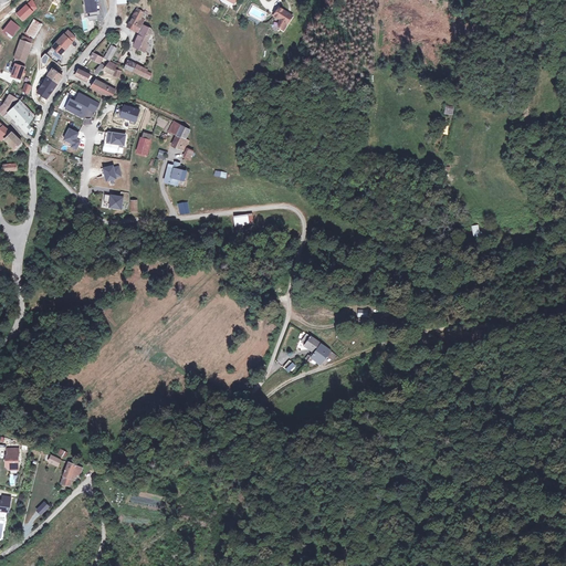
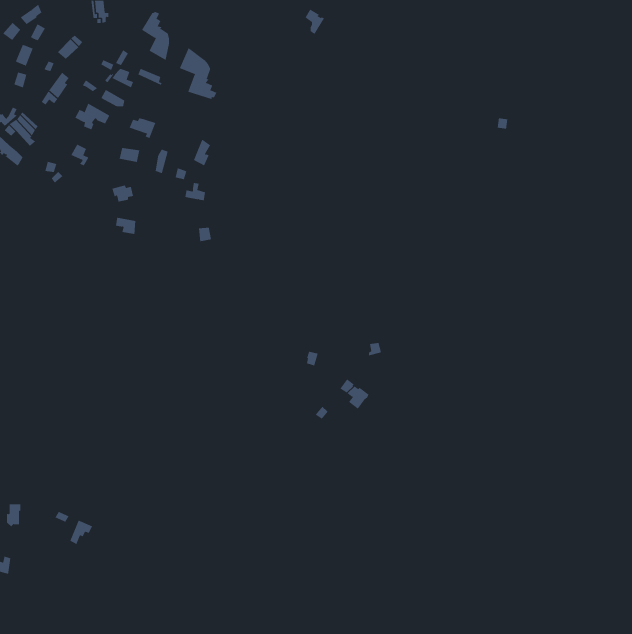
building: none -> [179,47,217,100]

